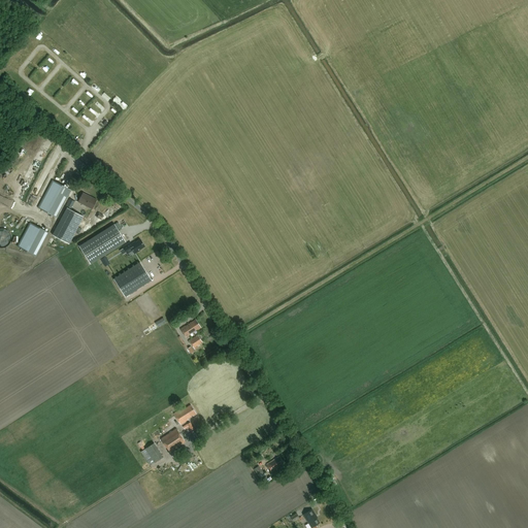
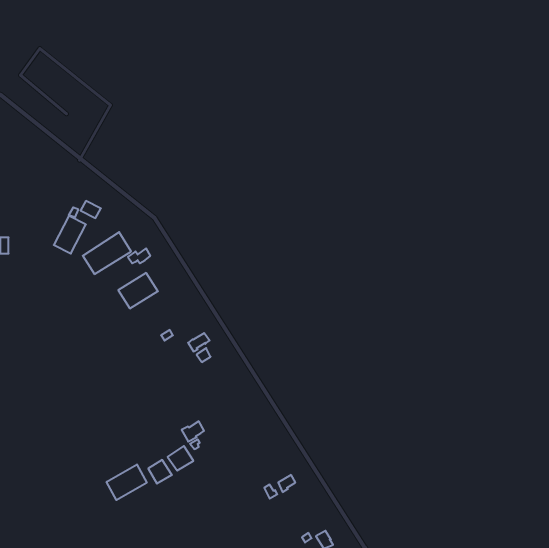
building: [38,179,71,218] -> none
building: [18,222,48,256] -> none
building: none -> [107,464,147,500]

